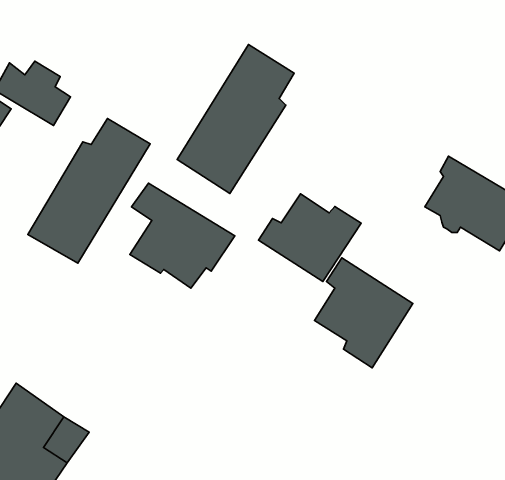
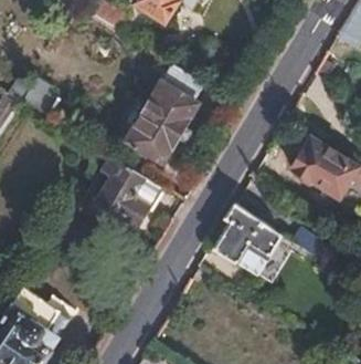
building: [28,118,150,263] -> none
building: [259,194,361,281] -> none

